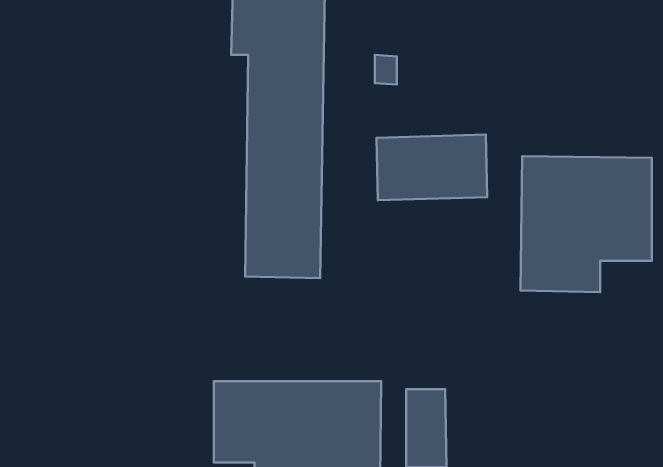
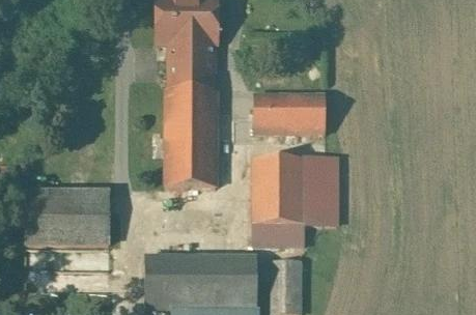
building: [520,156,652,292] -> [251,158,338,248]
building: none -> [25,191,111,242]

